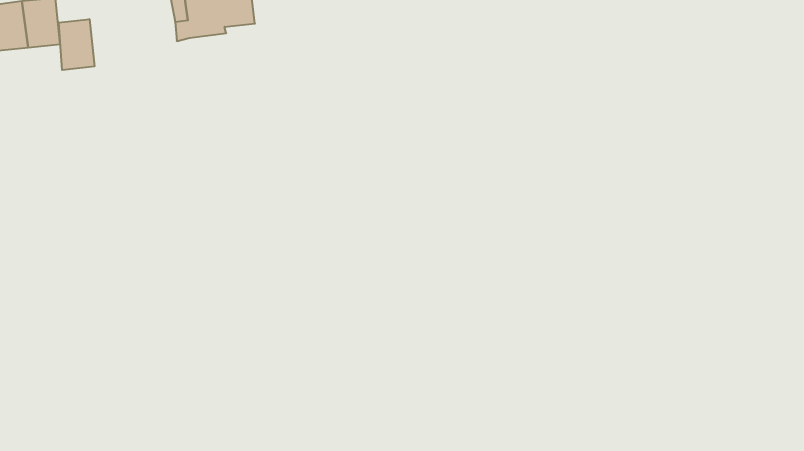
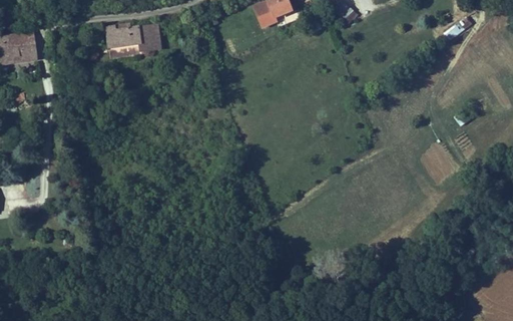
building: [59,19,94,70] -> none

